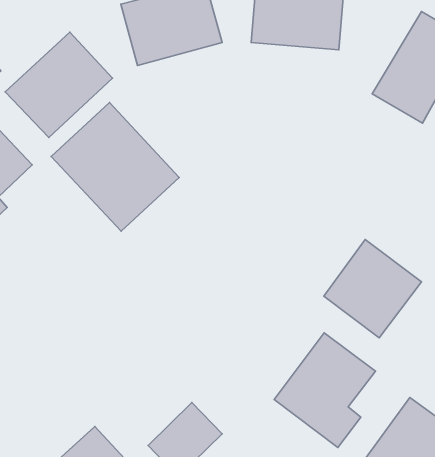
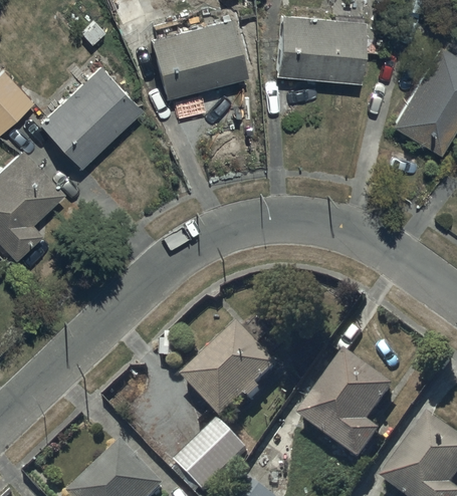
building: [51,103,179,231] -> none
building: [324,240,421,338] -> none
building: none -> [185,328,281,425]

